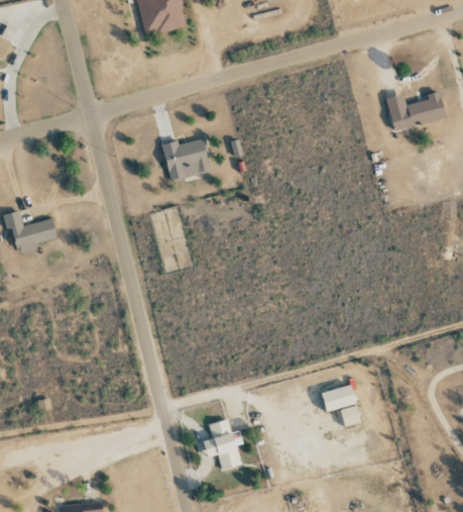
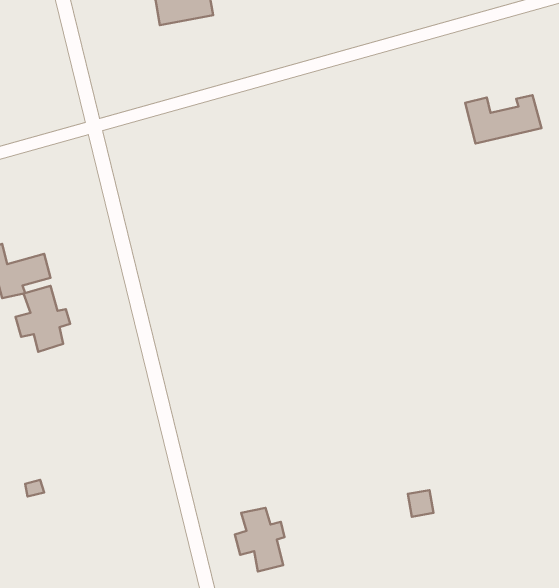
building: [161,138,213,181] -> none
building: none -> [15,286,70,352]
building: [322,385,356,411] -> none

